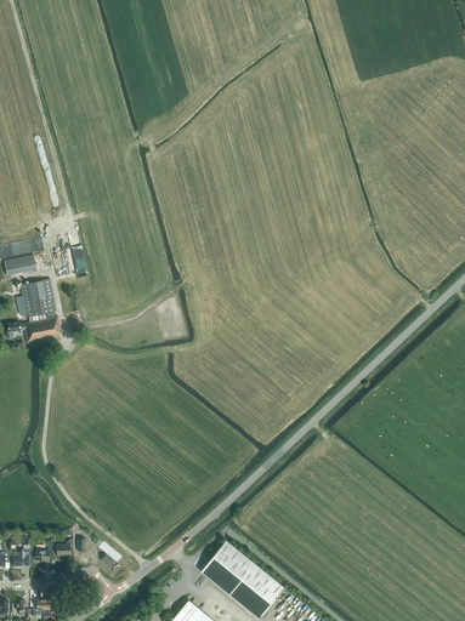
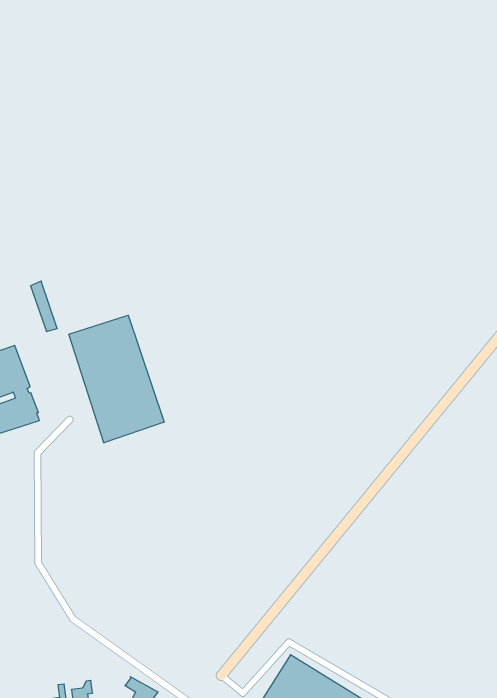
building: none -> [69,315,164,443]

